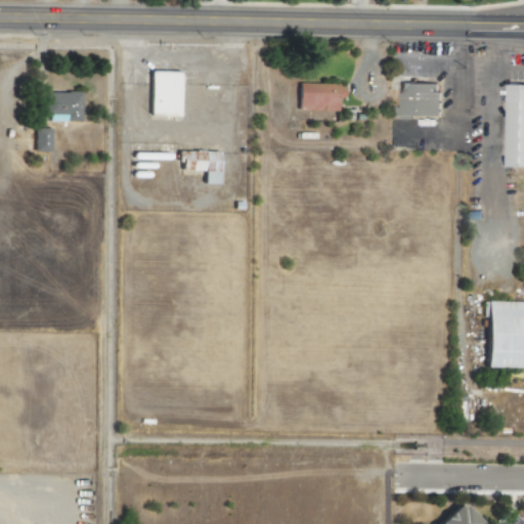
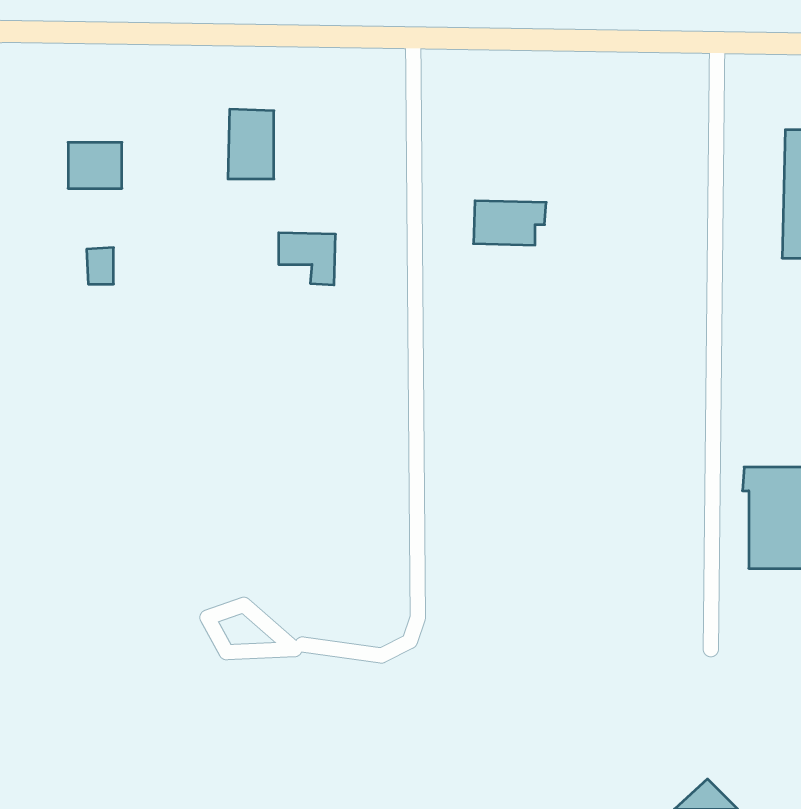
building: [301,83,348,112] -> [473,201,546,245]
building: [402,83,443,117] -> none
building: [37,128,54,151] -> [87,248,114,284]

